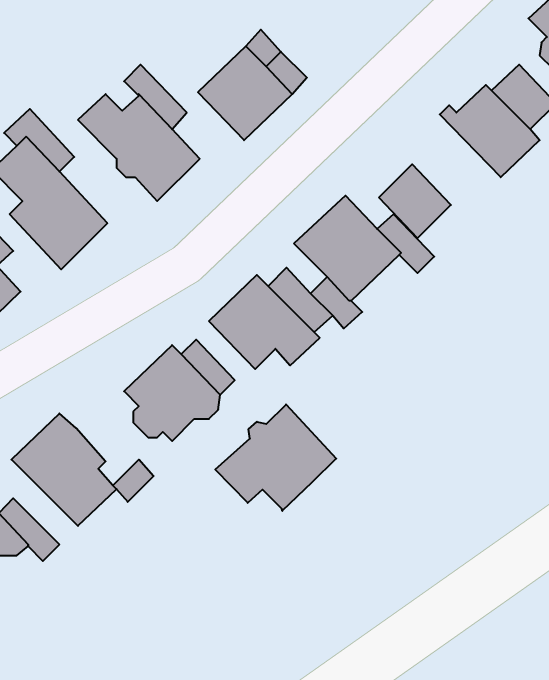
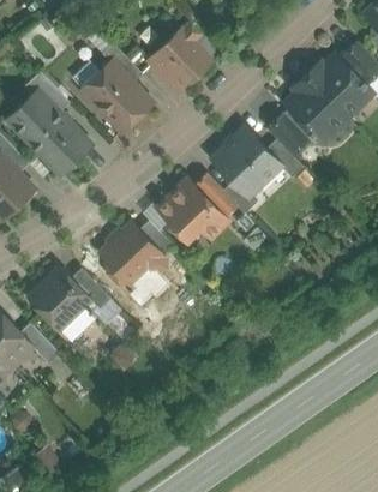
building: none -> [286,76,346,142]
building: [215,404,336,511] -> none
building: none -> [70,270,110,317]

